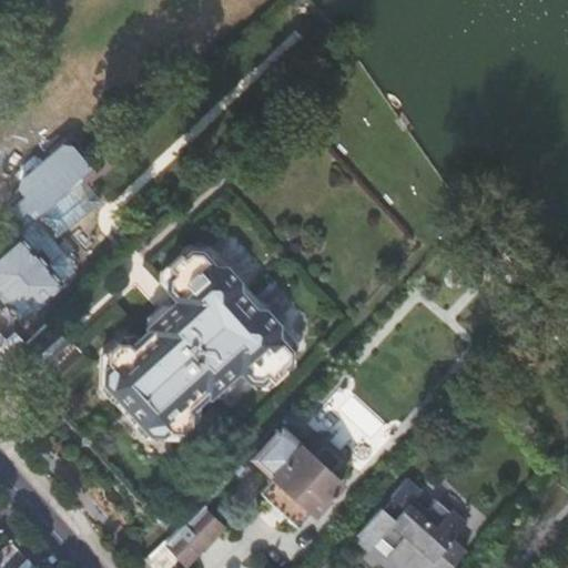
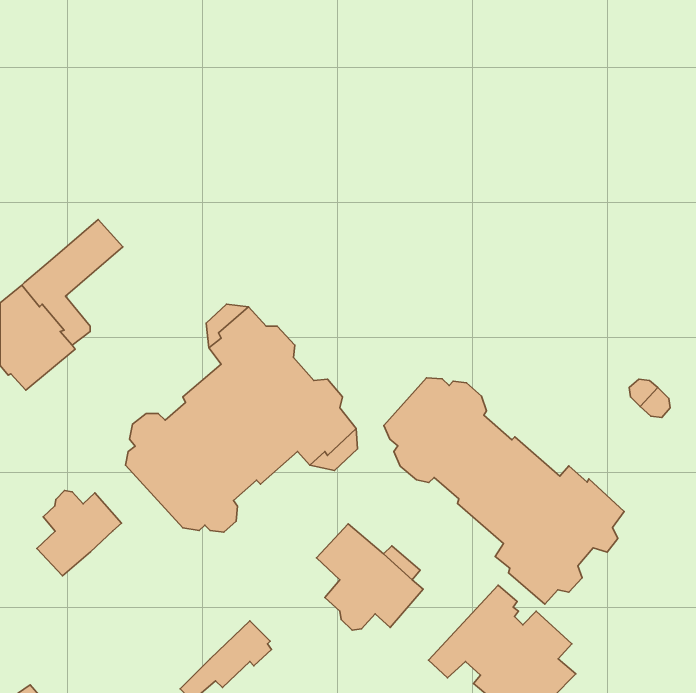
building: [10,150,92,233] -> none
building: none -> [384,378,624,604]
building: none -> [37,491,122,576]

